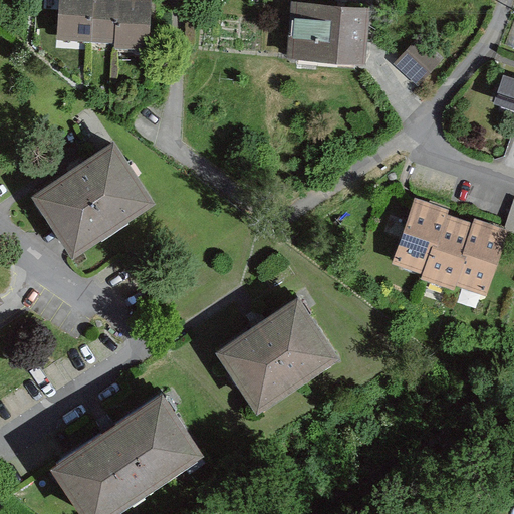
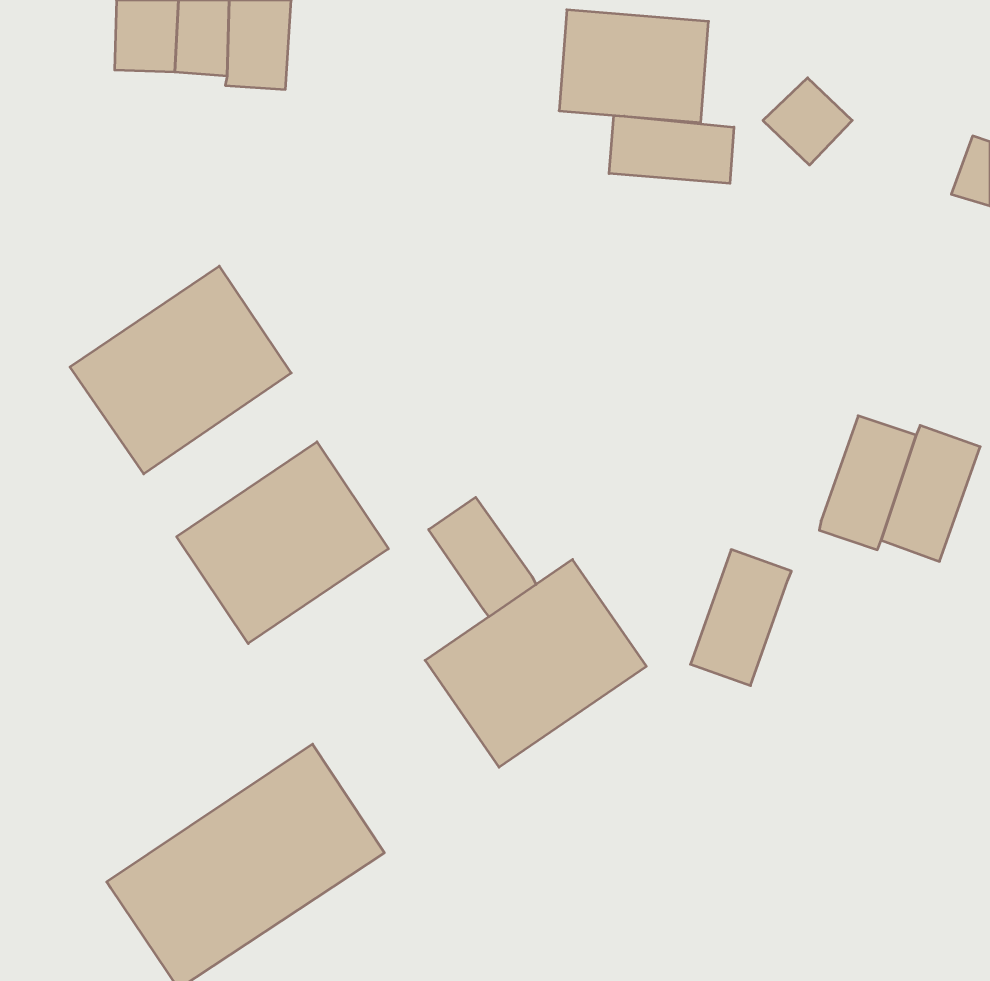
building: none -> [609,116,734,183]
building: [394,205,446,275] -> [690,550,791,686]
building: none -> [177,442,388,644]
building: none -> [429,497,536,617]

